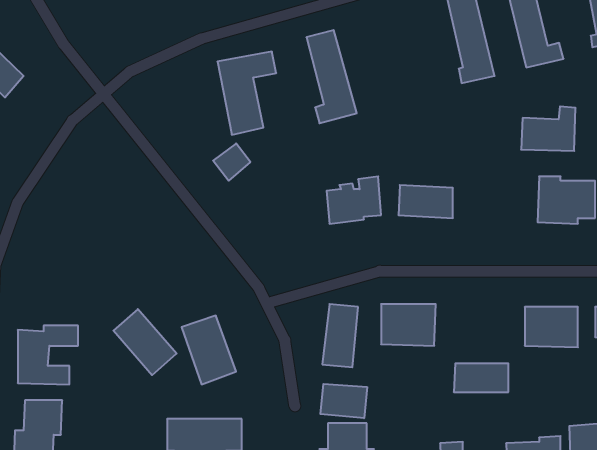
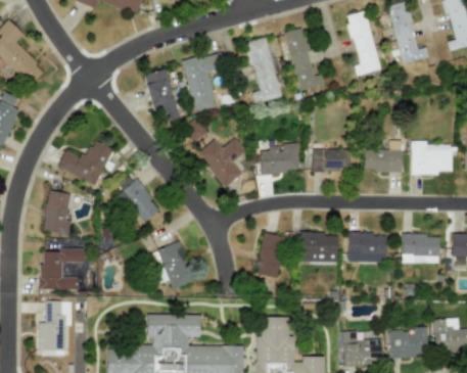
building: none -> [284,27,324,91]
building: none -> [145,67,181,125]
building: [521,106,576,151] -> [363,140,402,172]
building: none -> [197,137,246,187]
building: none -> [57,140,112,185]
building: none -> [42,189,72,235]
building: [113,309,177,375] -> [115,176,160,223]
building: [454,363,508,392] -> [347,233,386,253]
building: [320,384,367,418] -> none

